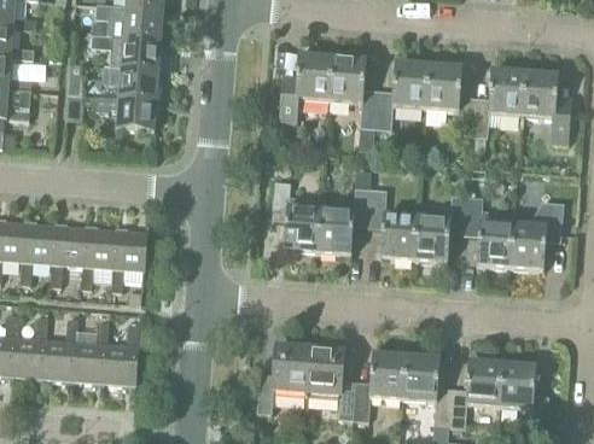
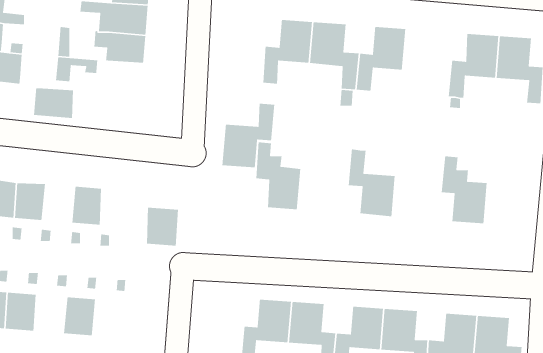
building: [424,65,474,136] -> none
building: [113,99,156,132] -> [33,87,74,119]
building: [315,188,371,256] -> [222,103,275,168]
building: [413,195,467,263] -> none
building: [508,203,561,270] -> none
building: [51,226,85,267] -> none
building: [111,230,145,271] -> [146,207,179,247]
building: [42,340,76,381] -> none
building: [103,345,138,386] -> none

